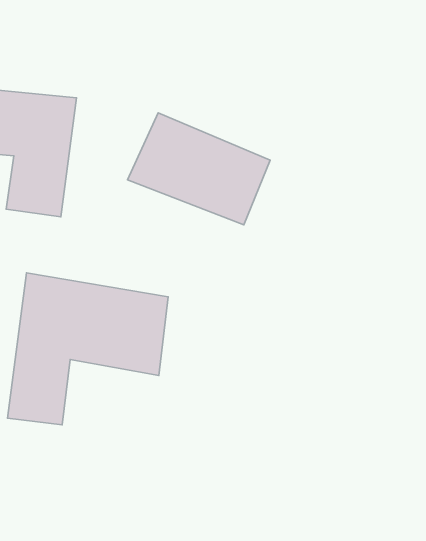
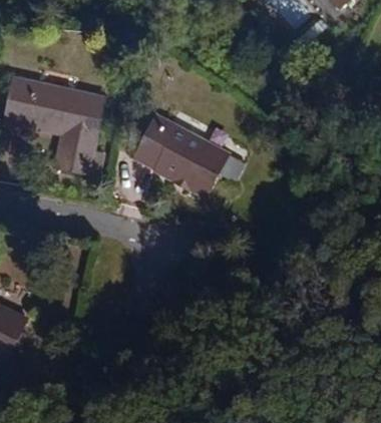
building: [8,273,168,425] -> none

